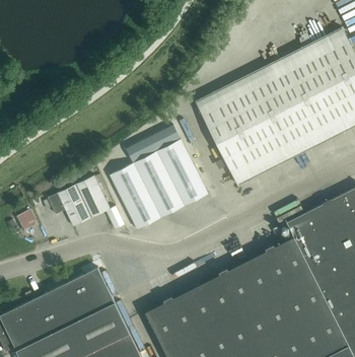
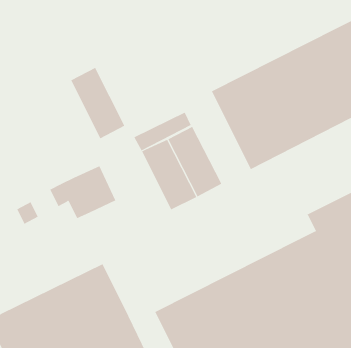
building: [110,163,160,230] -> [70,67,125,139]

